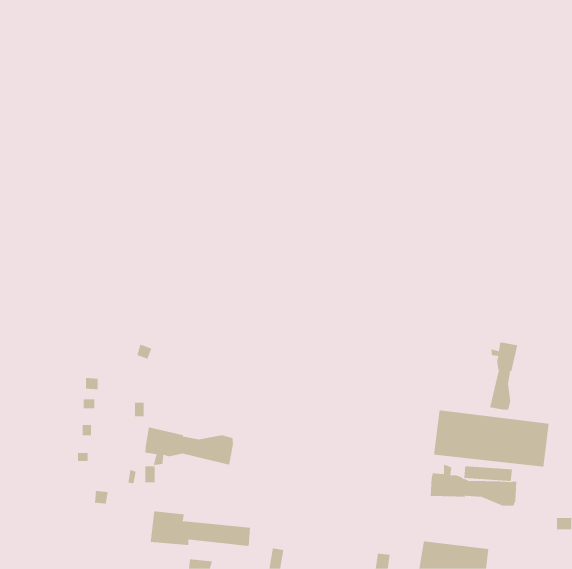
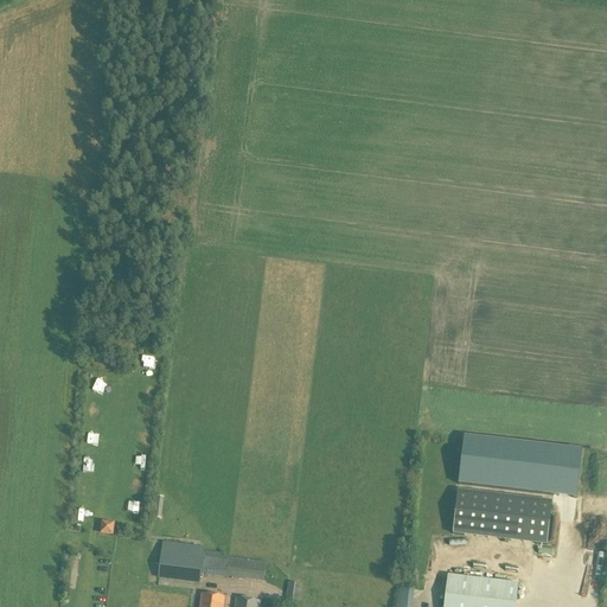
building: [490,342,518,411] -> none
building: [145,427,233,466] -> none

